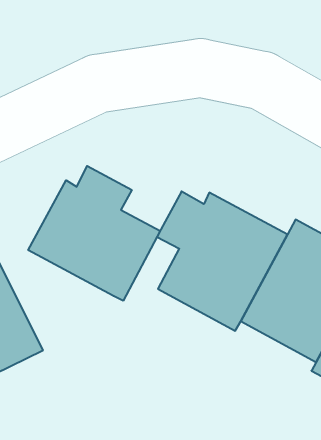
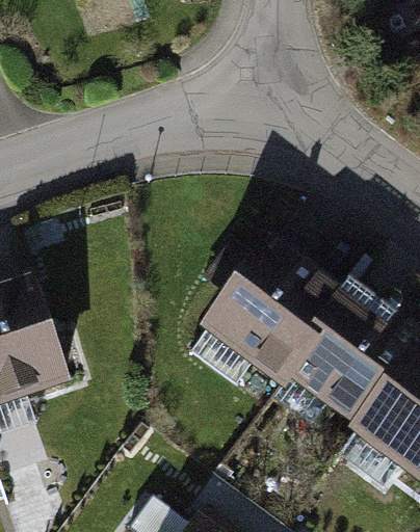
building: [28,166,160,301] -> none

